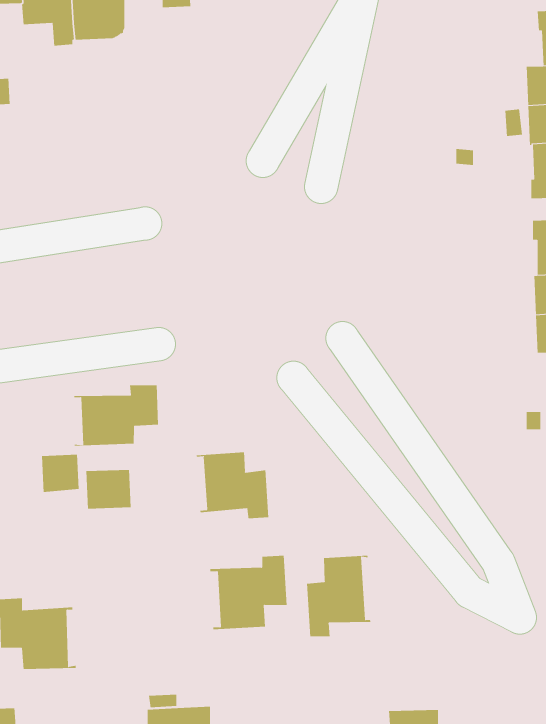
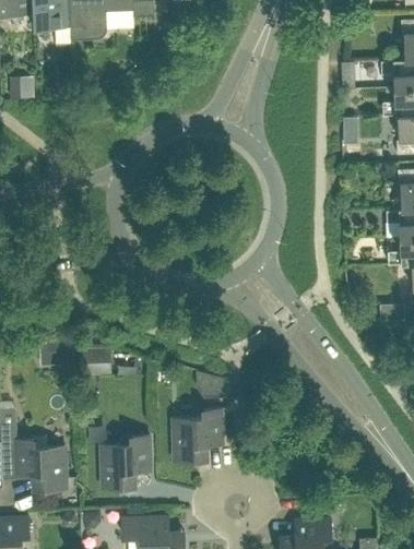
building: [74,385,159,446] -> none
building: [196,452,269,519] -> none
building: [307,555,371,637] -> none
building: none -> [96,435,151,488]

